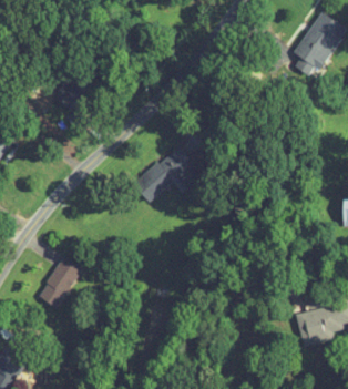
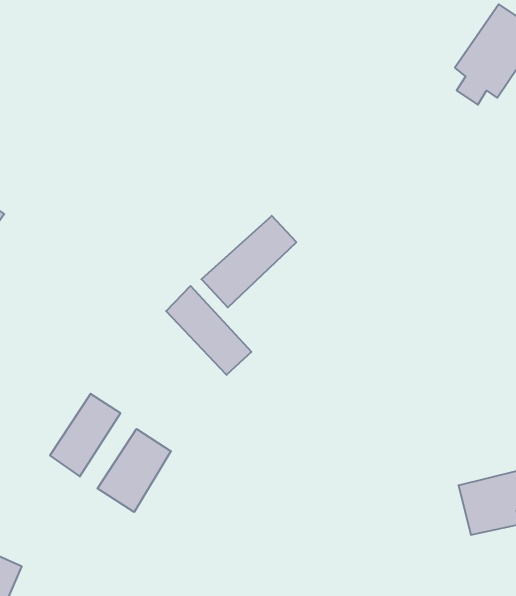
building: none -> [166,286,251,375]
building: none -> [97,429,171,512]

